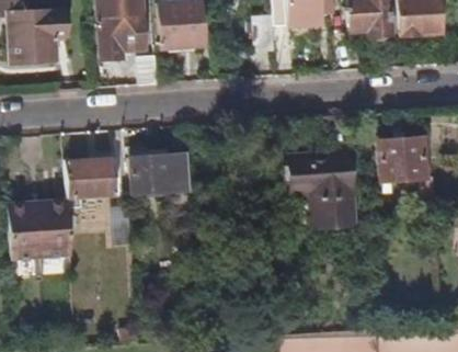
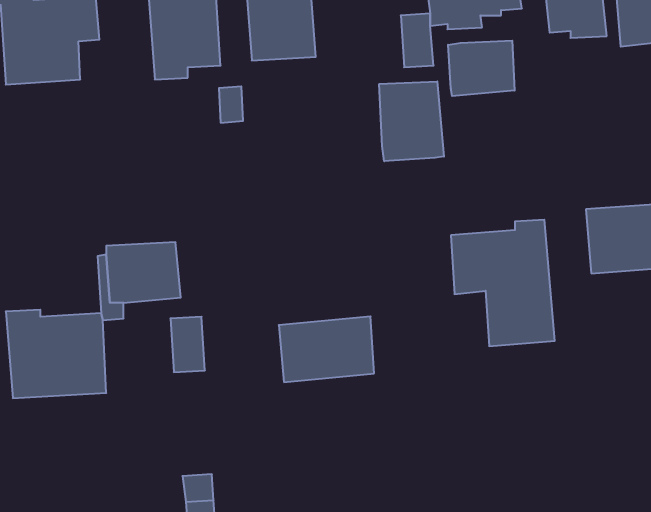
building: none -> [448,41,515,96]
building: none -> [379,81,444,161]
building: [130,152,191,194] -> [279,316,374,382]

